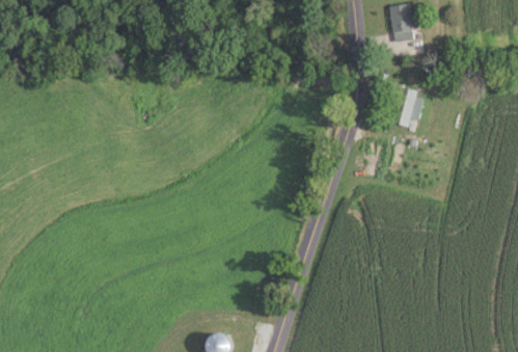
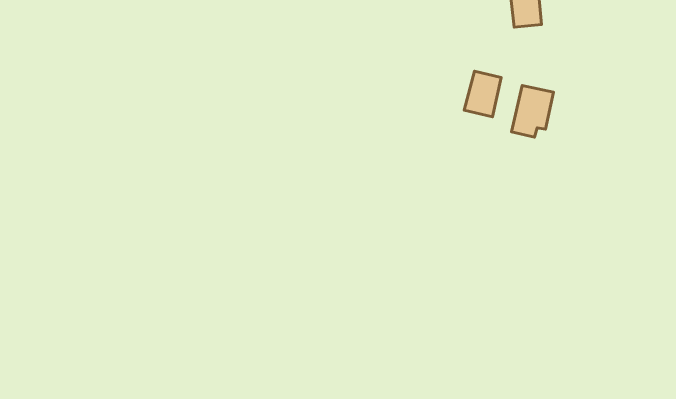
building: none -> [464,71,501,117]

